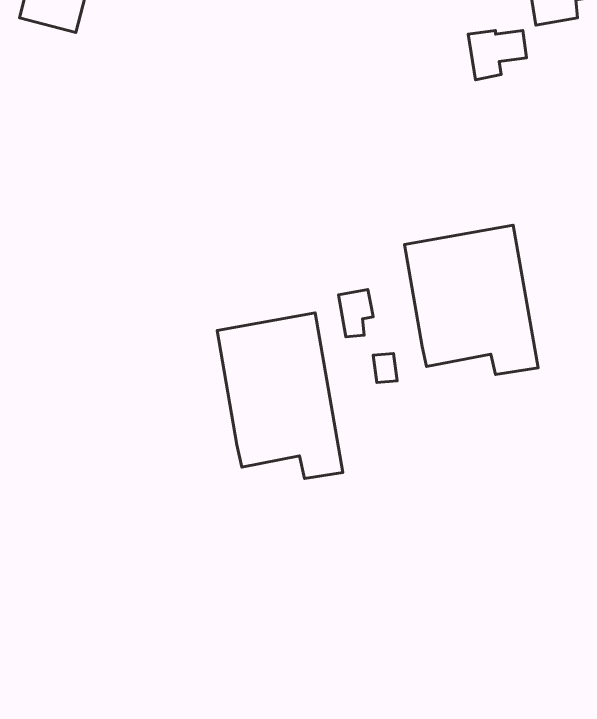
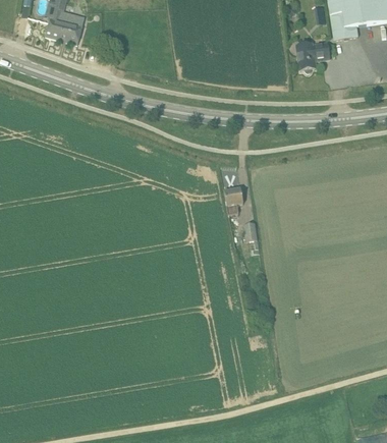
building: [405,225,538,374] -> none
building: [217,313,343,478] -> none

